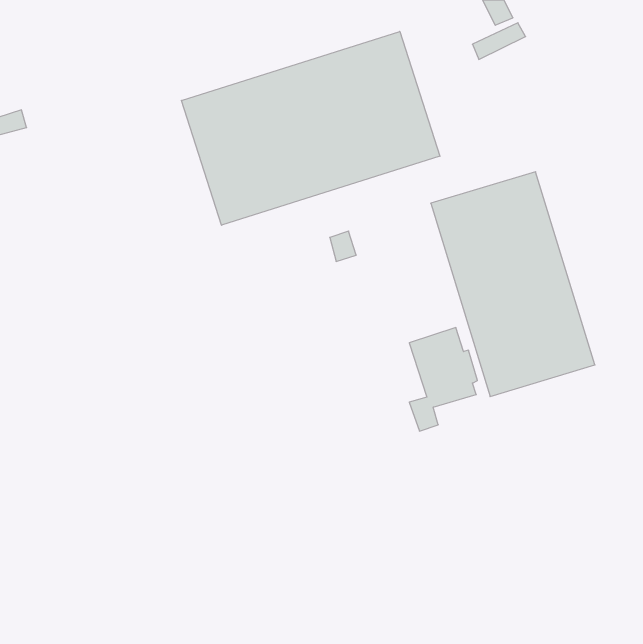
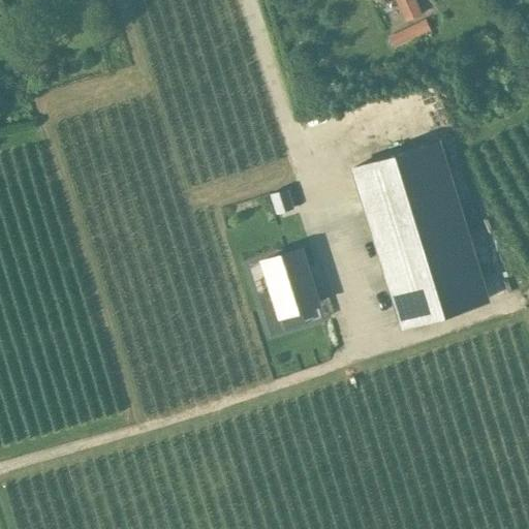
building: [181,31,440,225] -> none
building: [409,328,477,431] -> [261,249,317,334]

